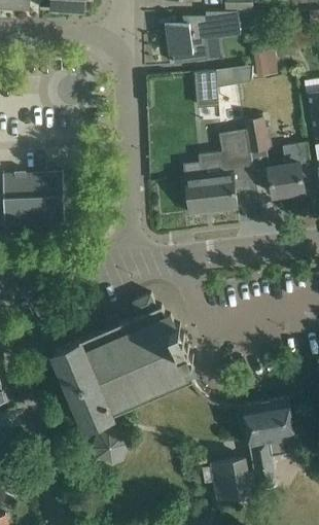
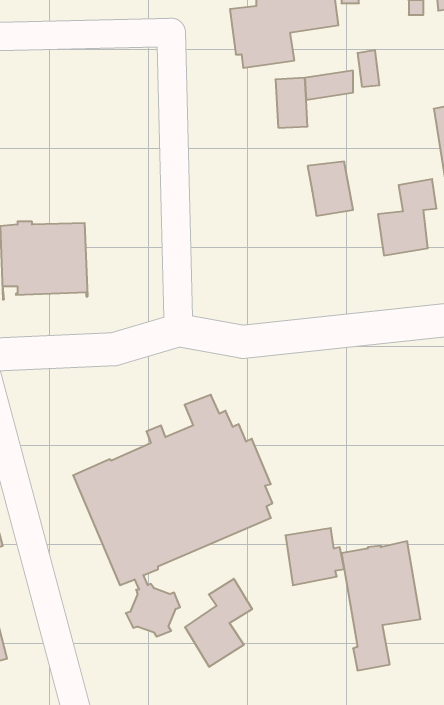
building: [245,118,267,152] -> none
building: [183,163,237,215] -> none
building: none -> [185,579,252,667]
building: [212,459,253,499] -> [285,528,344,585]

